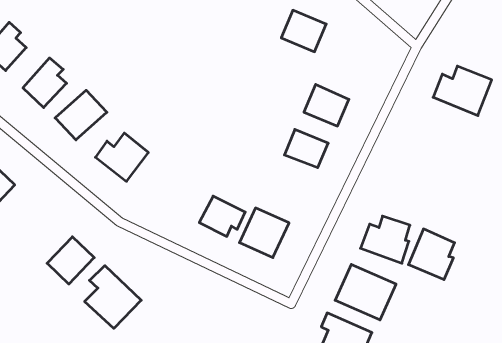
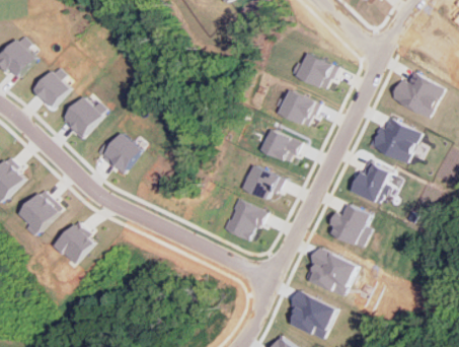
building: [281,10,326,52] -> [296,53,335,89]
building: none -> [368,117,420,162]
building: [199,196,245,236] -> [241,164,282,200]
building: none -> [18,191,59,236]
building: [408,229,455,280] -> [350,159,390,204]
building: [85,266,141,328] -> none

